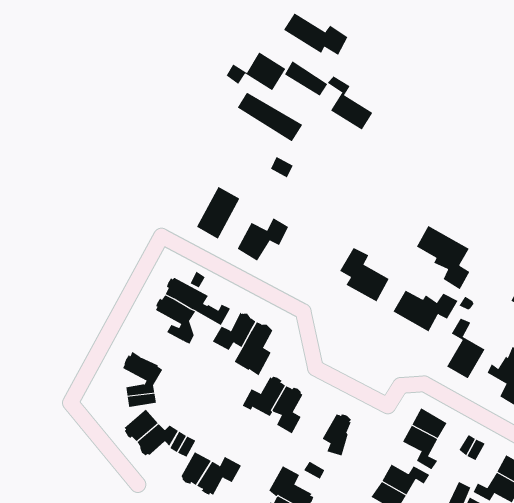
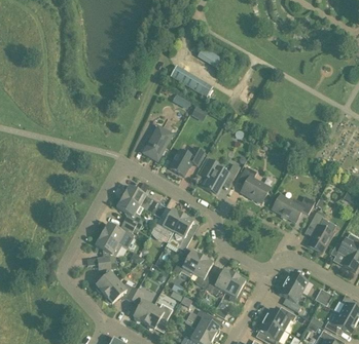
building: [283,13,348,56] -> none
building: [226,51,286,91] -> none
building: [327,75,373,131] -> none
building: [416,225,470,290] -> none
building: none -> [198,157,239,193]
building: none -> [100,222,134,243]
building: none -> [205,268,234,295]

